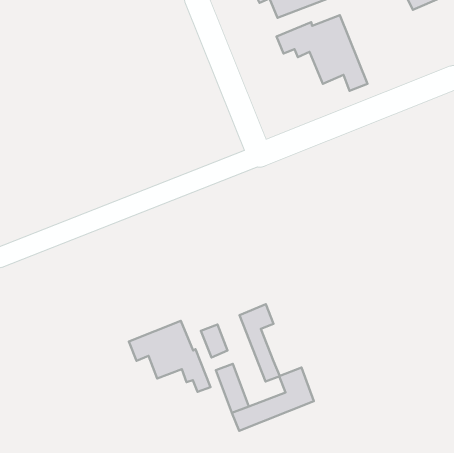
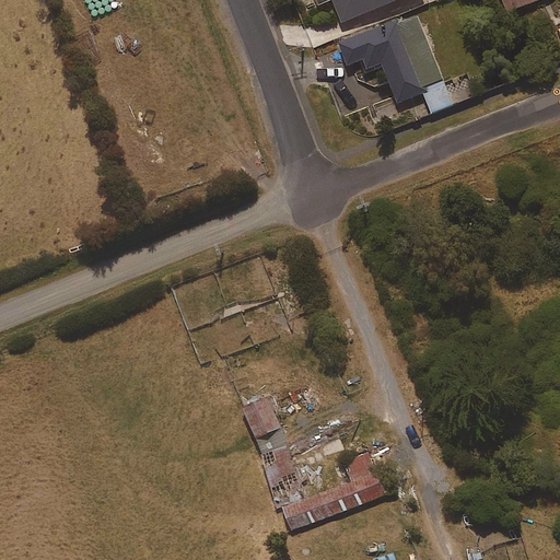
building: [240,304,280,382] -> none
building: [129,321,210,392] -> none

